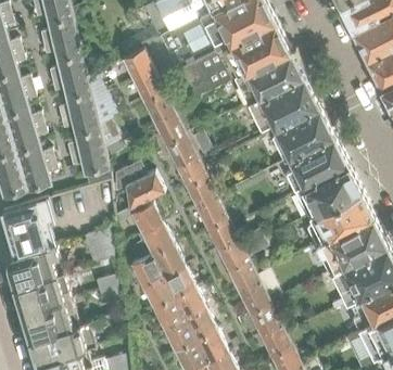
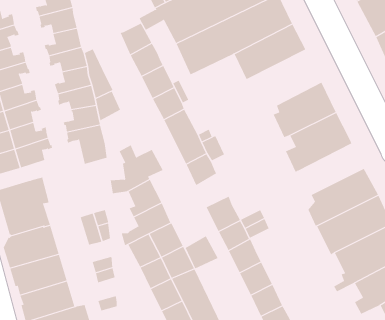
building: [244,74,318,131] -> none
building: [294,165,359,215] -> none
building: [195,194,228,227] -> [185,236,218,269]

